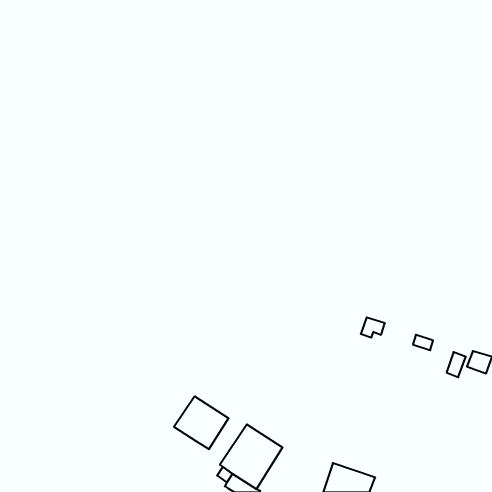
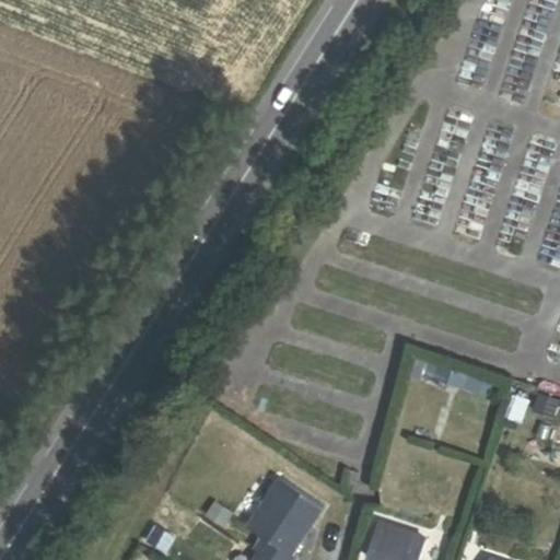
building: [174,396,228,449] -> none

